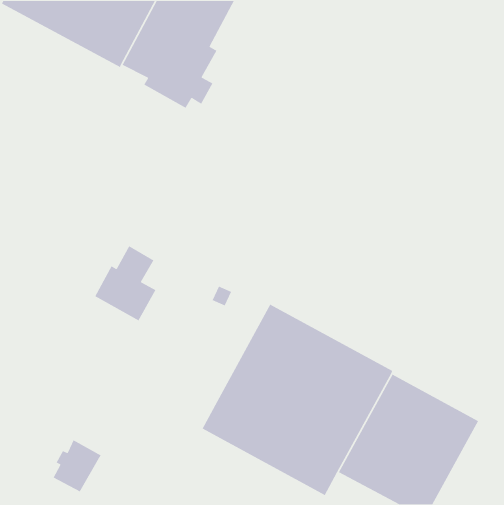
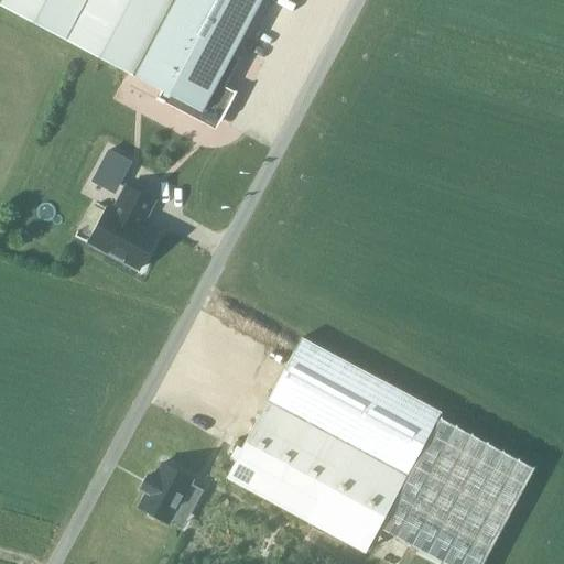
building: none -> [97,150,129,185]
building: [94,245,157,321] -> [89,185,159,270]
building: [52,439,102,493] -> [141,459,196,519]

